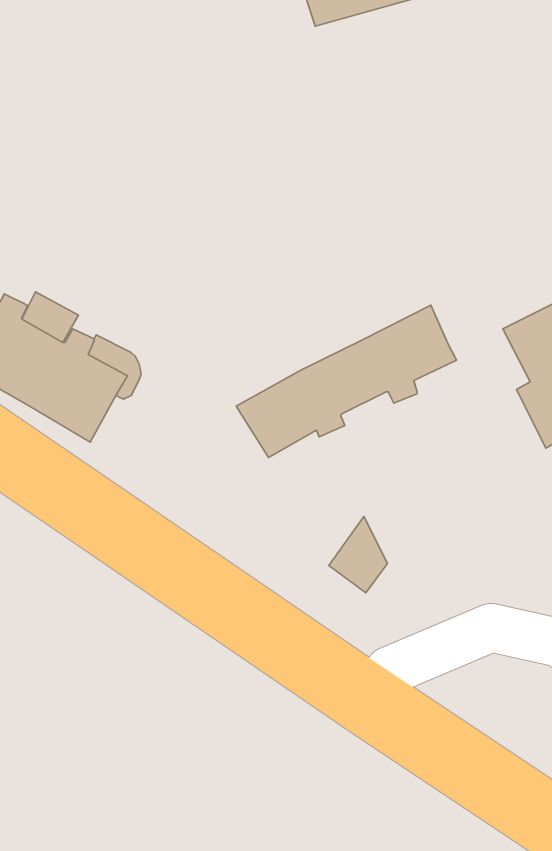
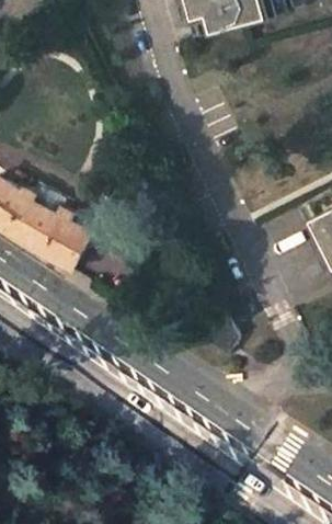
building: [236,305,457,458] -> none

